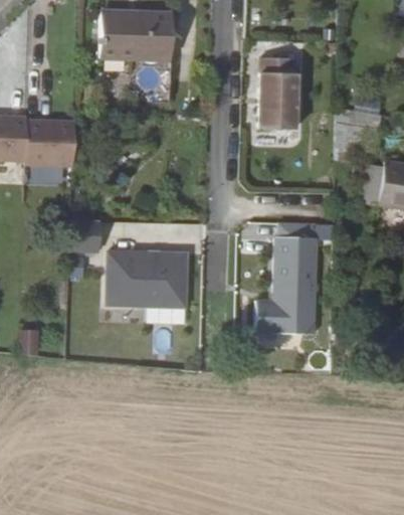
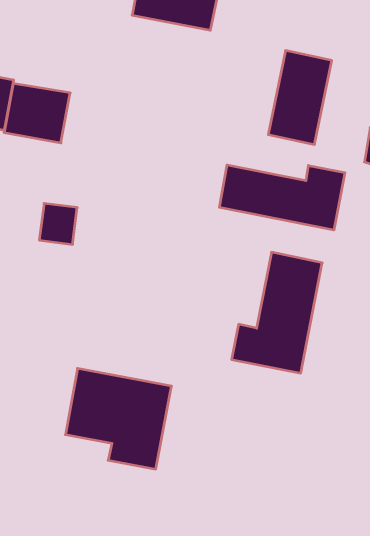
building: none -> [219,165,345,230]
building: [104,248,188,324] -> [65,368,172,469]

